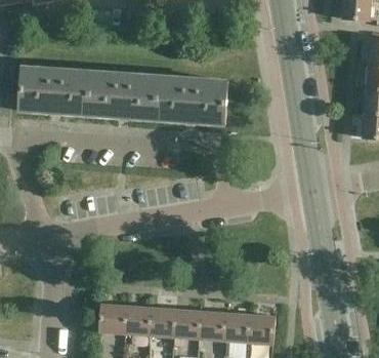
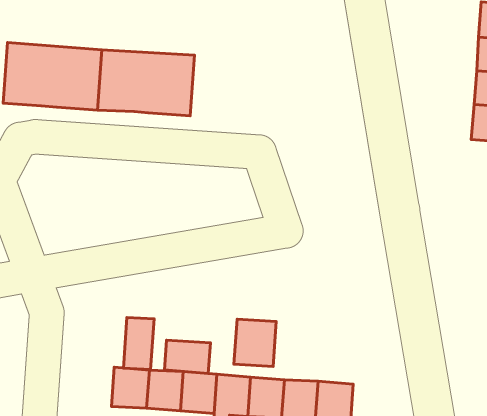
building: [156,76,227,125] -> none
building: none -> [123,318,154,369]
building: none -> [234,319,276,367]
building: none -> [165,340,210,374]

